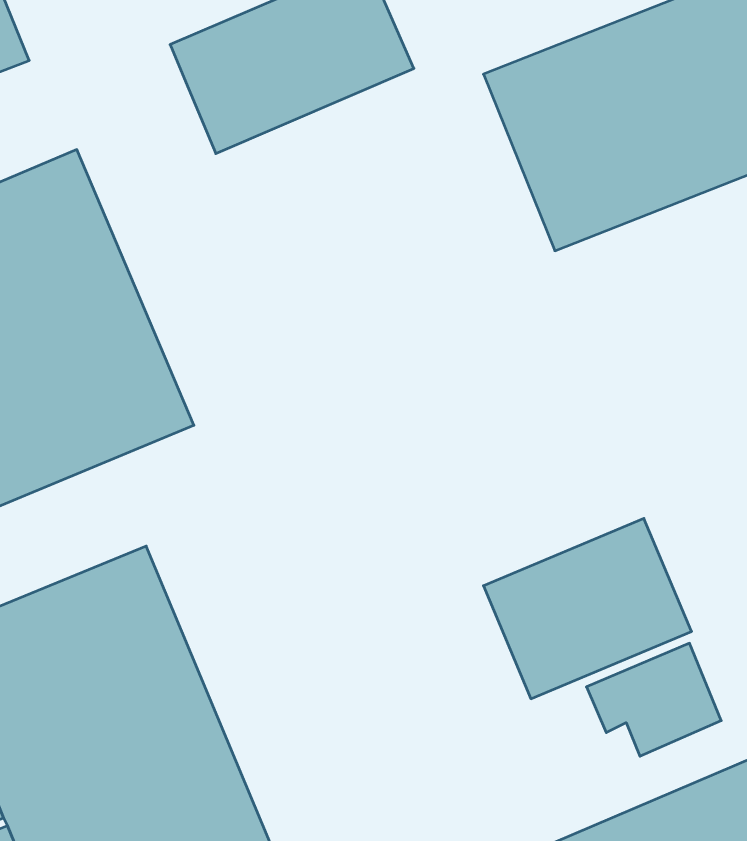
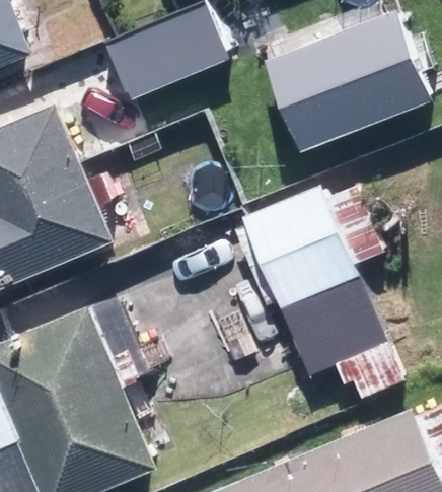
building: none -> [227,185,364,317]

